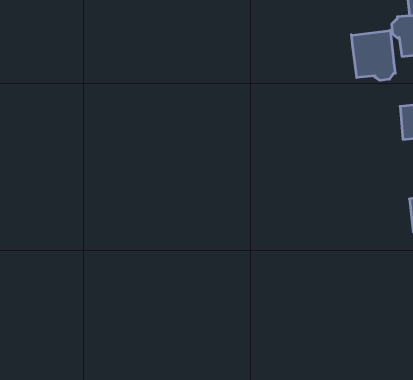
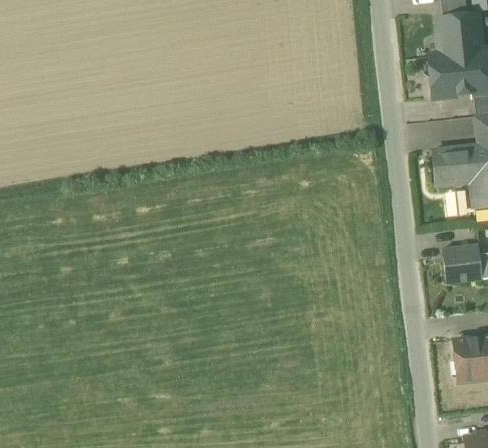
building: [351,30,395,80] -> none

